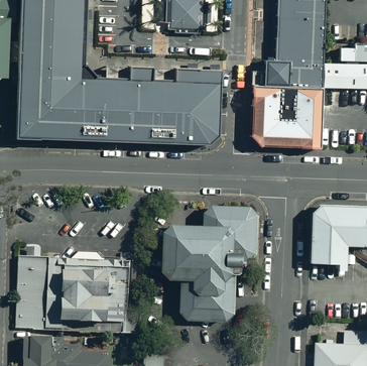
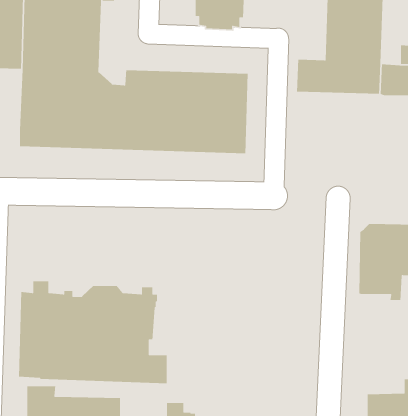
building: [250,88,323,148] -> none
building: [158,204,257,322] -> none

